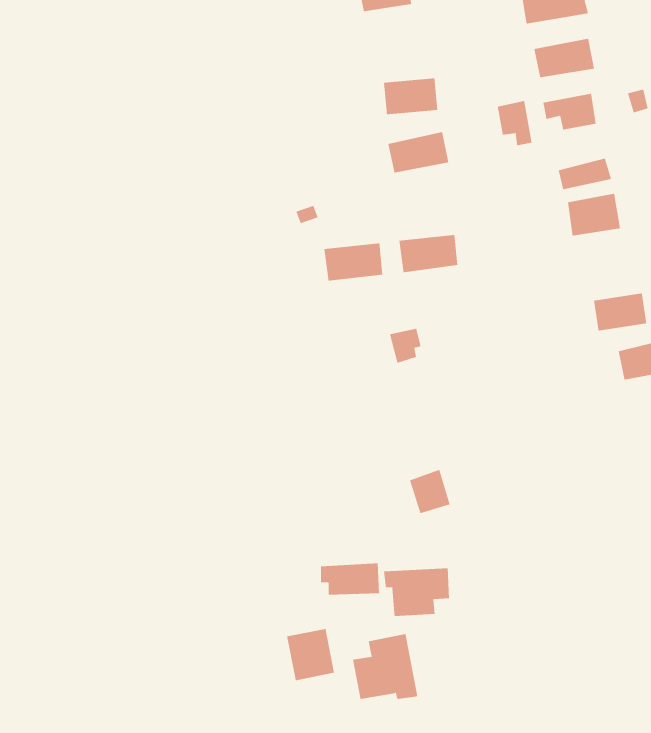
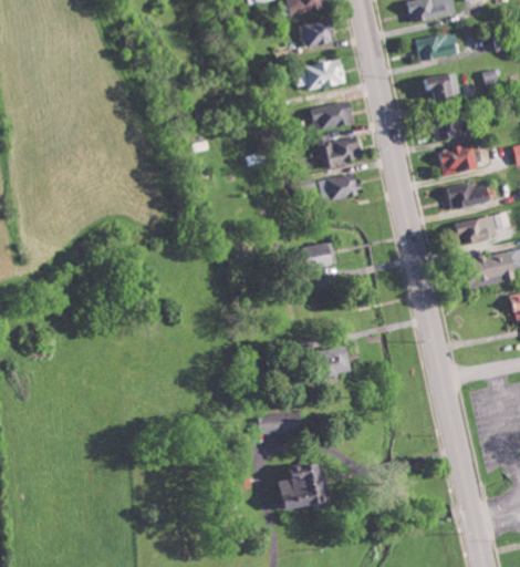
building: none -> [299,18,334,47]
building: [497,100,532,146] -> none
building: [323,243,383,281] -> [318,138,361,166]
building: none -> [447,183,490,209]
building: [384,568,450,617] -> none
building: [287,628,335,681] -> none

